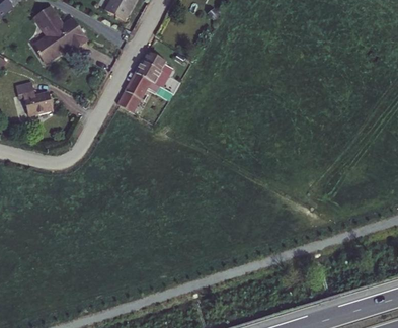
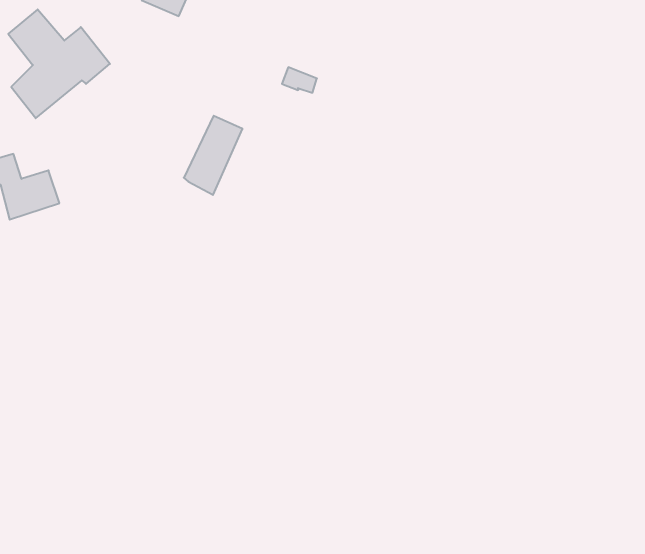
building: [137,52,174,86] -> none

